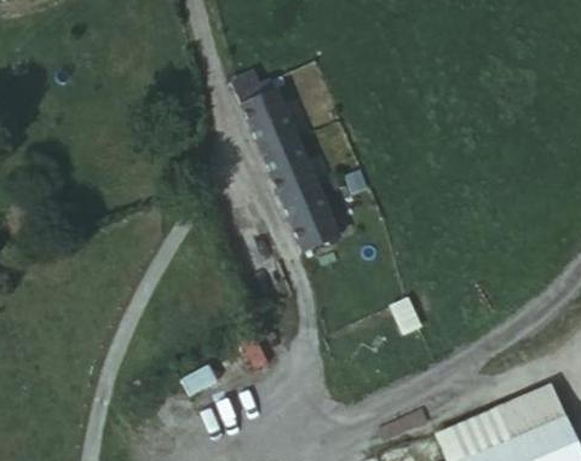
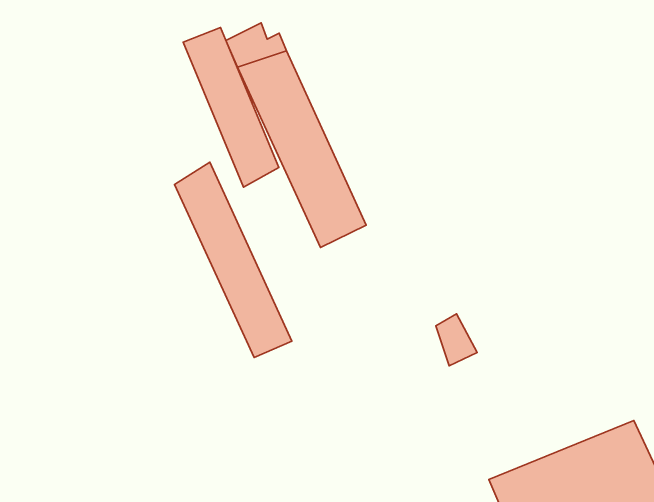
building: none -> [183,28,279,187]
building: none -> [175,162,292,357]

